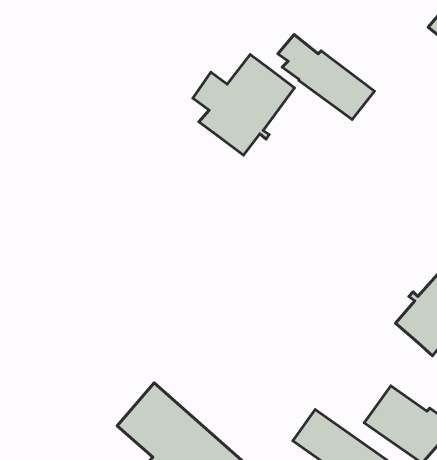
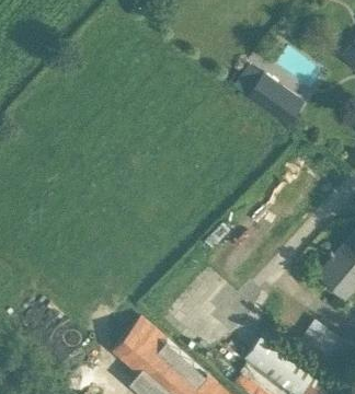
building: [193,54,295,155] -> none

